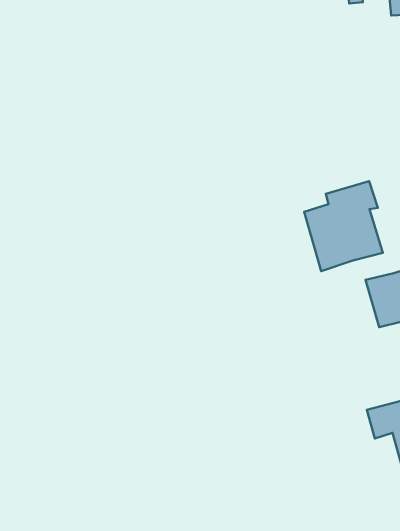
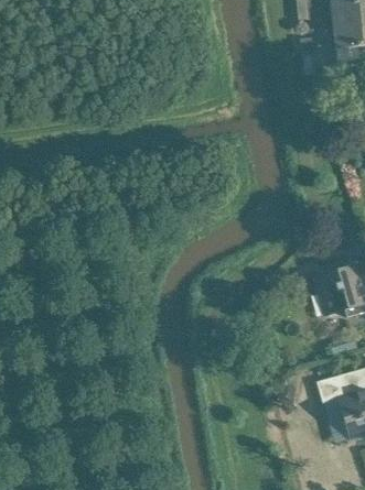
building: [304,181,383,271] -> none

